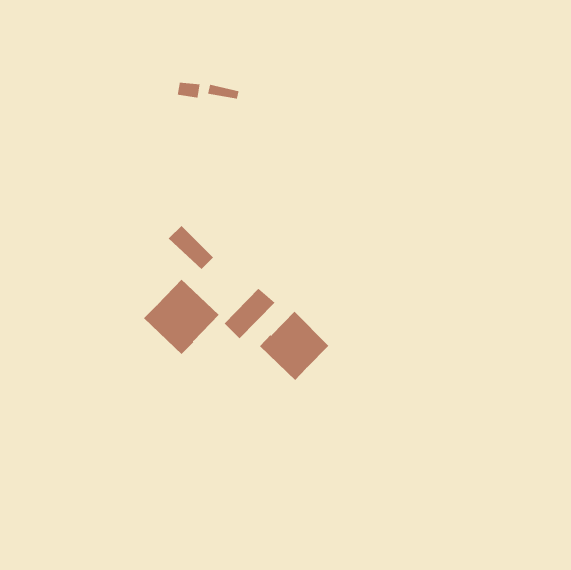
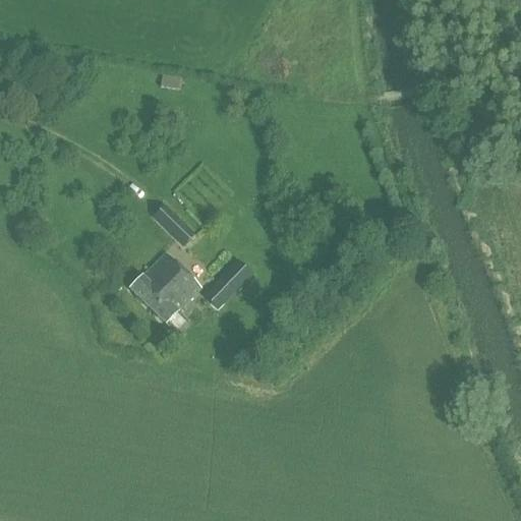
building: [259,311,329,381] -> none

